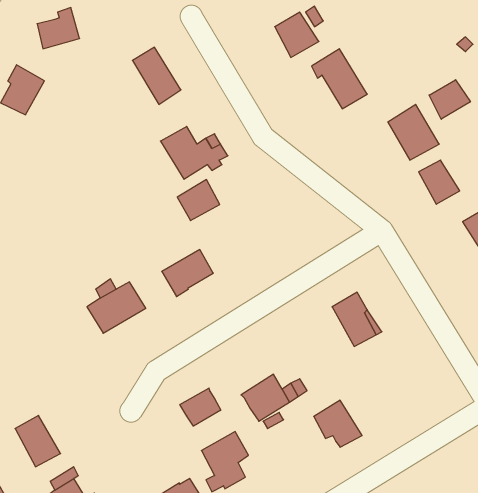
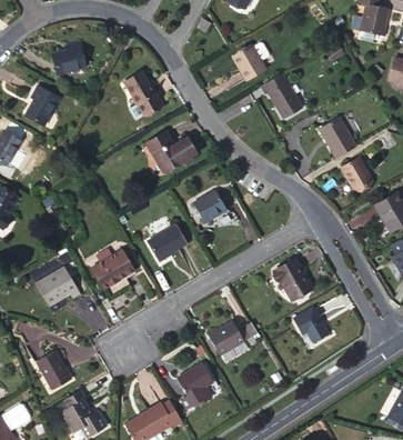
building: [429,80,470,119] -> none
building: [177,180,220,221] -> [194,190,226,221]
building: none -> [37,267,80,306]
building: [180,388,221,426] -> none
building: [314,400,362,447] -> [293,306,330,341]

